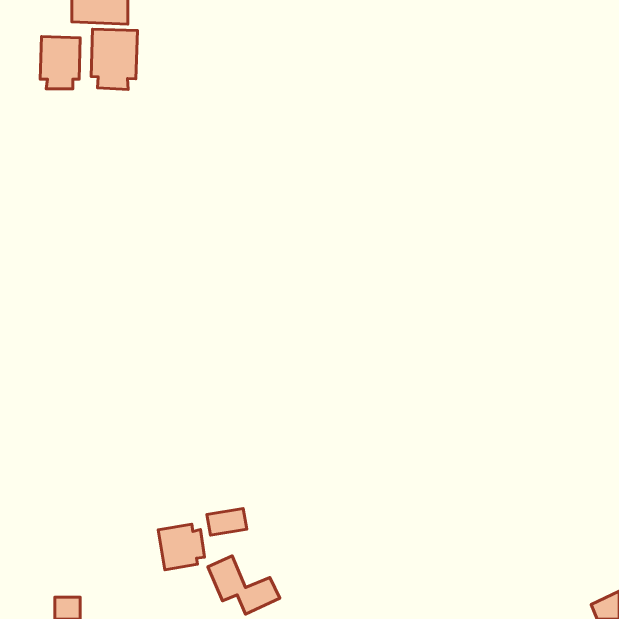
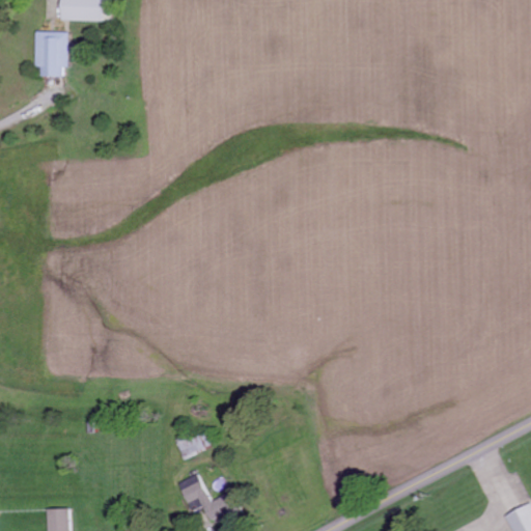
building: [91,29,137,90] -> none
building: [158,524,204,570] -> none

